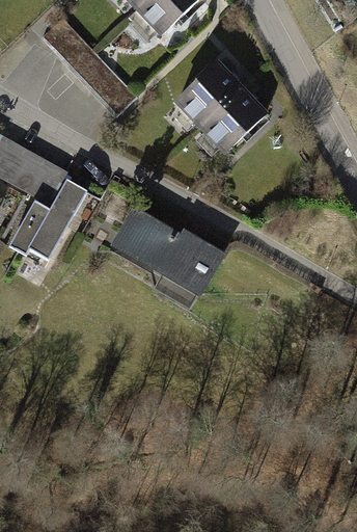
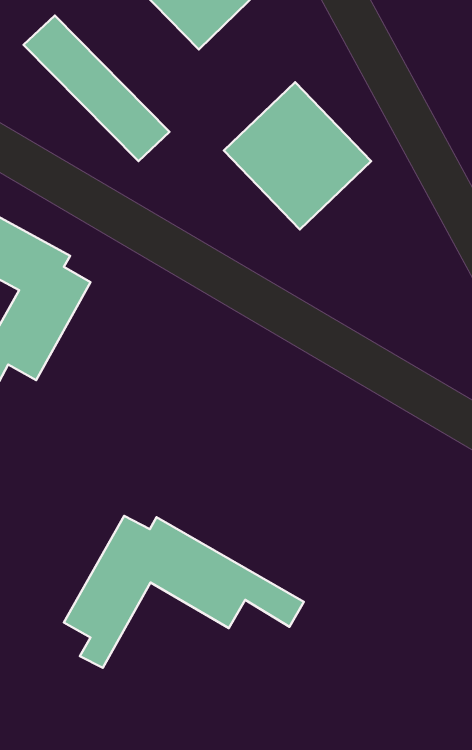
building: [104,203,221,299] -> none
building: none -> [64,516,304,668]

